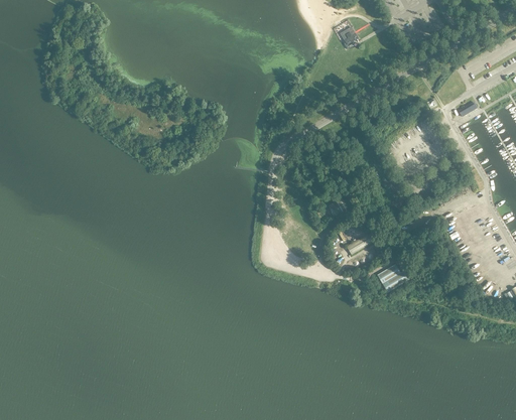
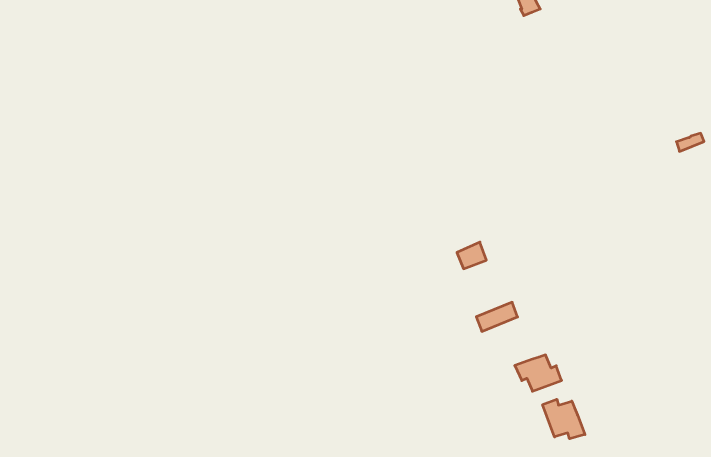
building: none -> [543,399,585,439]

